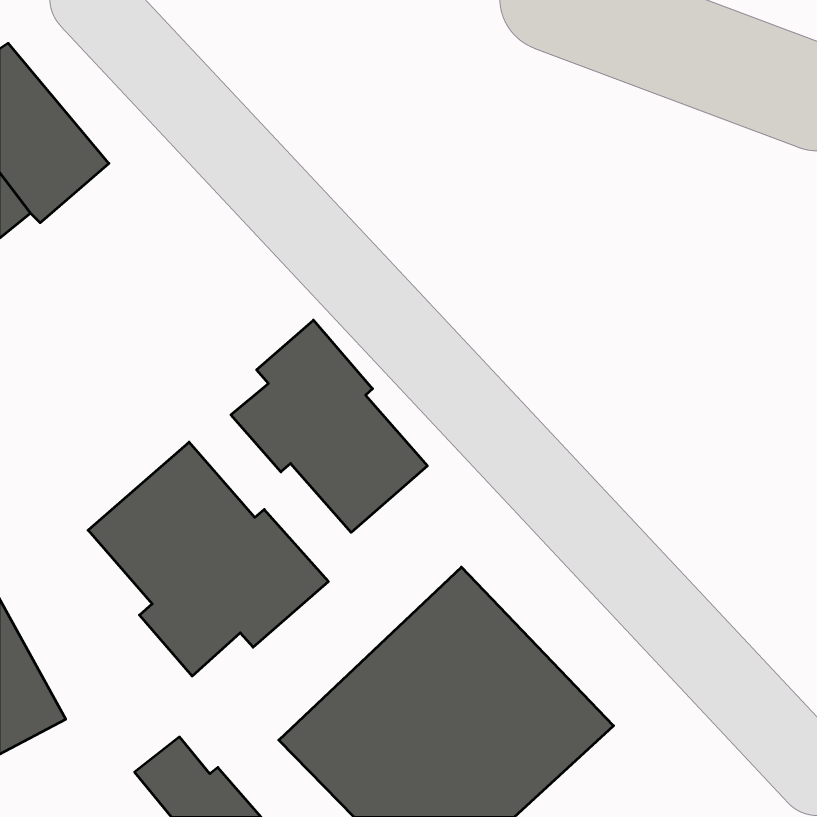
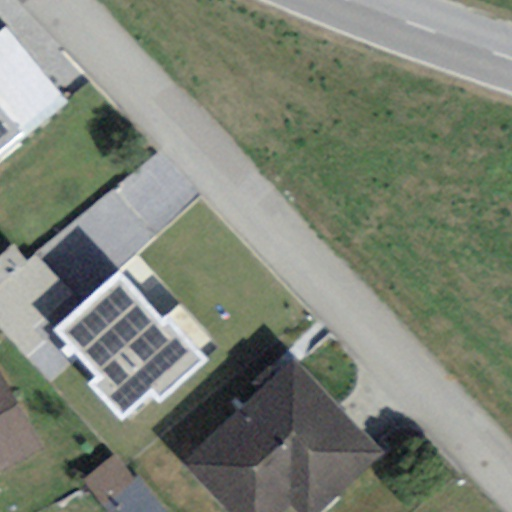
building: [231,320,427,532] -> none

